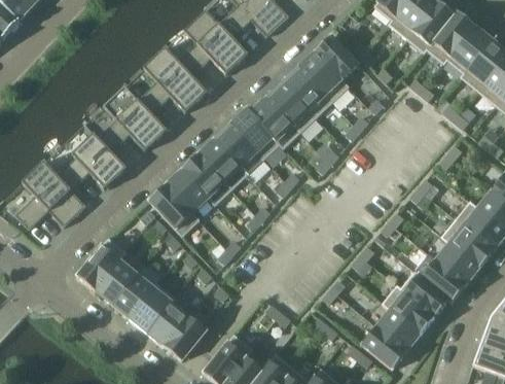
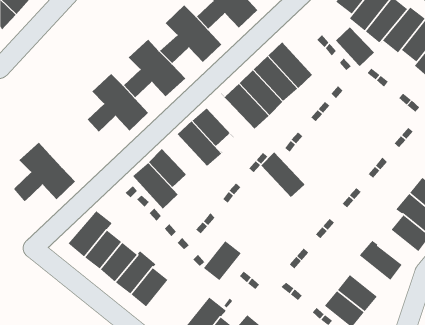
building: [315,35,359,88] -> [335,27,375,74]
building: [230,108,284,160] -> [260,152,309,198]
building: [57,133,127,189] -> none
building: [181,153,231,205] -> none
building: [421,259,466,303] -> none
building: [382,284,435,334] -> none
building: [164,315,207,360] -> [203,240,242,281]

